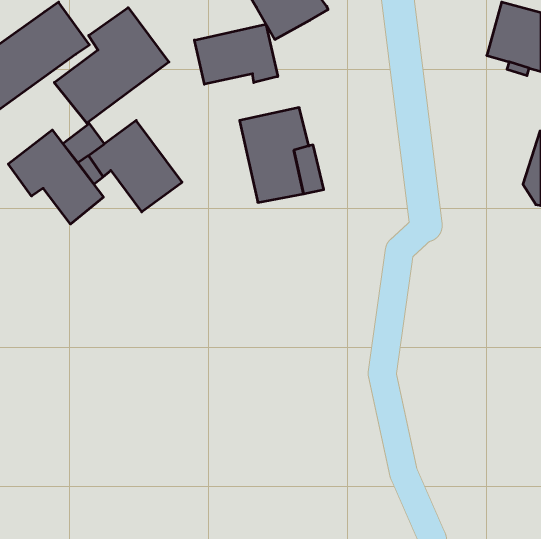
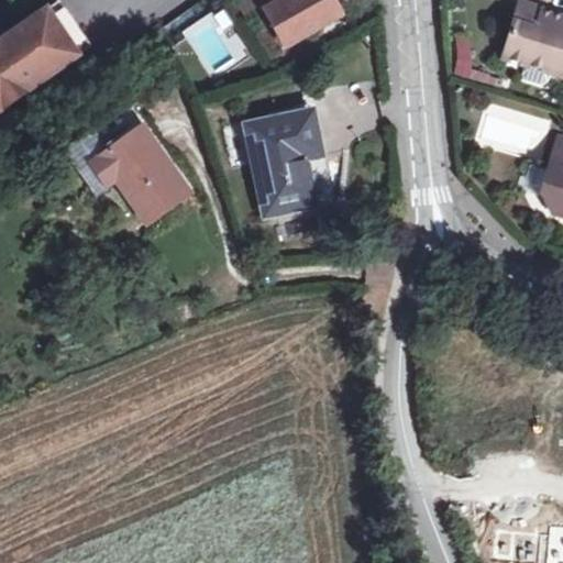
building: [54,8,169,123] -> none
building: [194,24,278,84] -> none
building: [8,130,103,224] -> none

